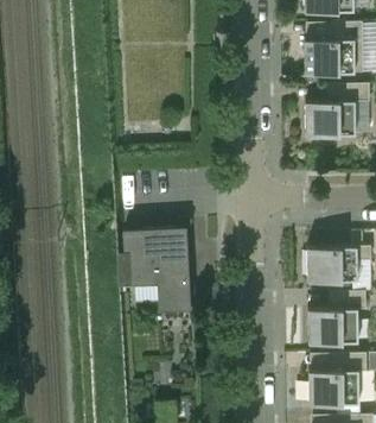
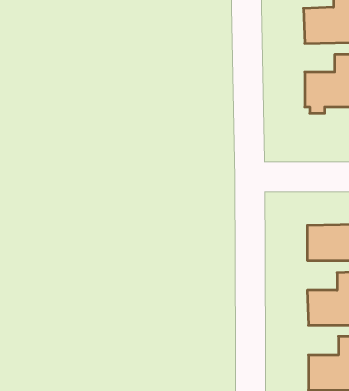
building: [121,229,190,314] -> none

